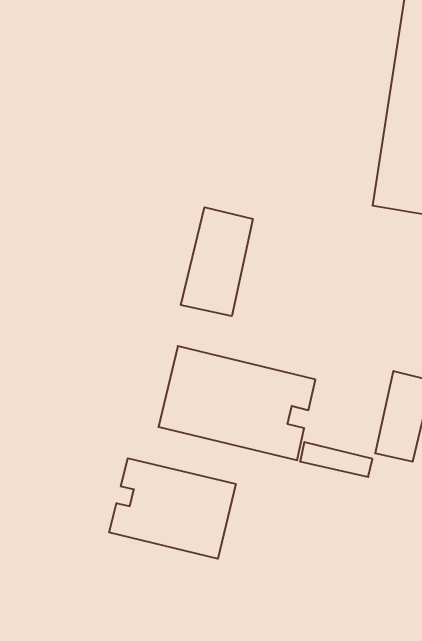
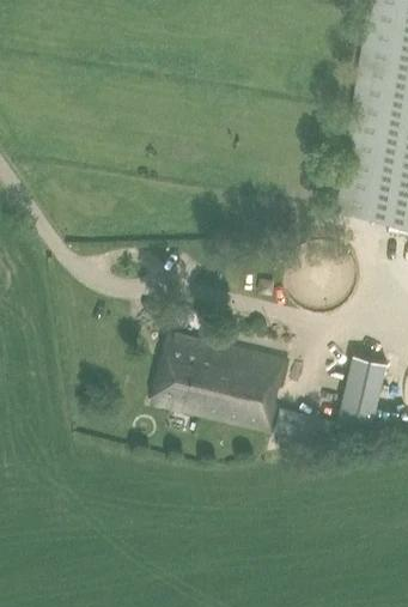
building: [181,207,253,316] -> none
building: [109,458,236,559] -> none

